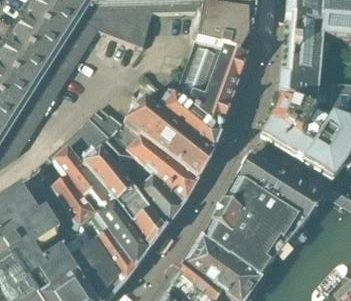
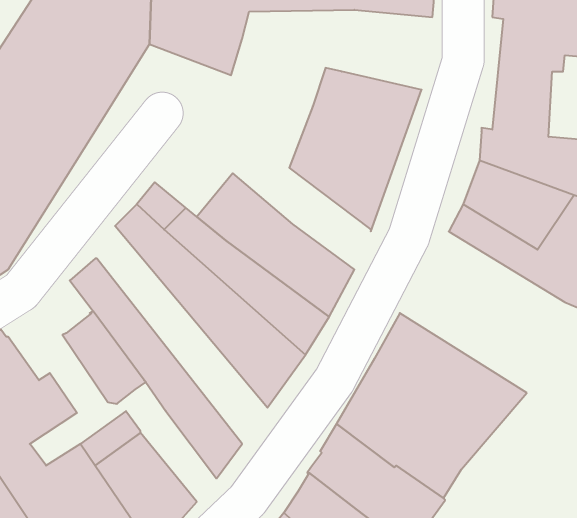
building: [203,7,254,51] -> none
building: [133,73,219,150] -> none
building: [63,126,163,247] -> none
building: [235,151,322,218] -> none
building: [92,228,134,278] -> none

